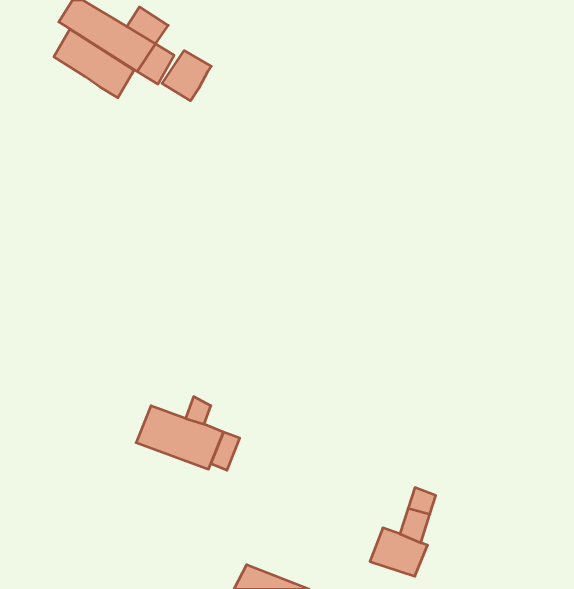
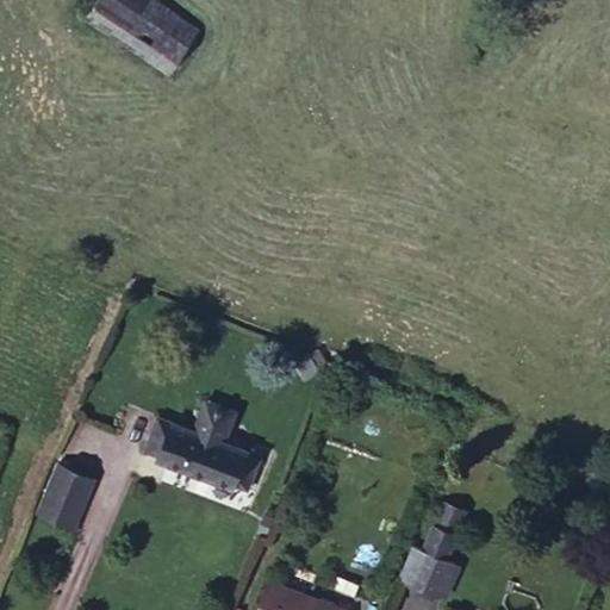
building: [54,29,134,98] -> none
building: [162,51,211,101] -> none
building: none -> [37,466,93,529]

